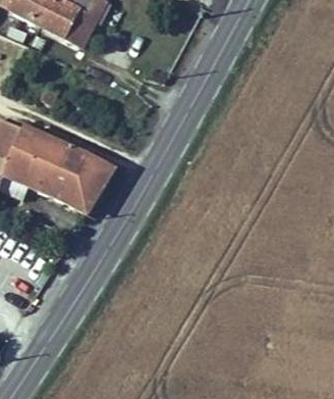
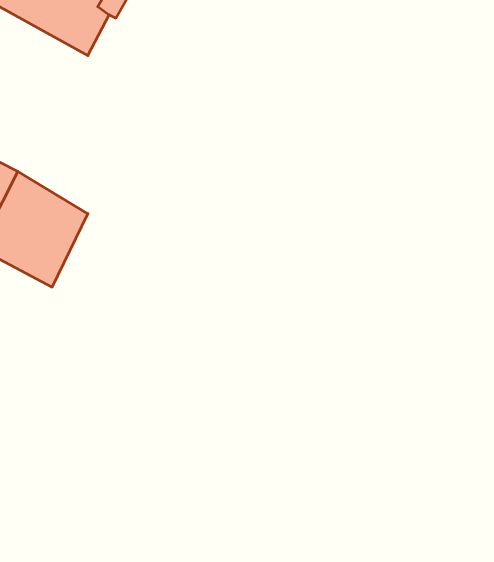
building: [52,150,116,217] -> none

